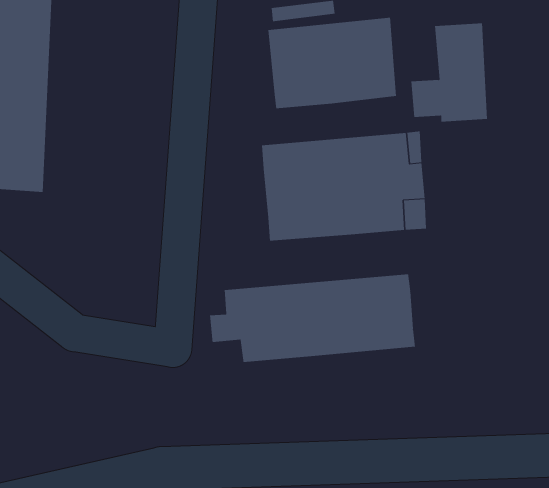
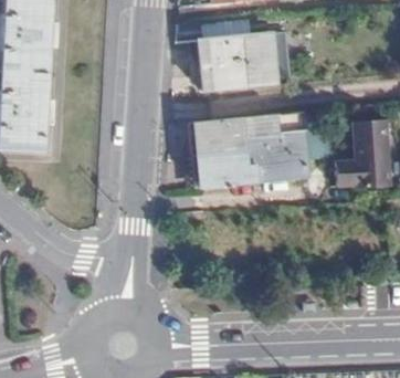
building: [410,23,488,122] -> [336,120,390,190]
building: [210,274,416,363] -> none

